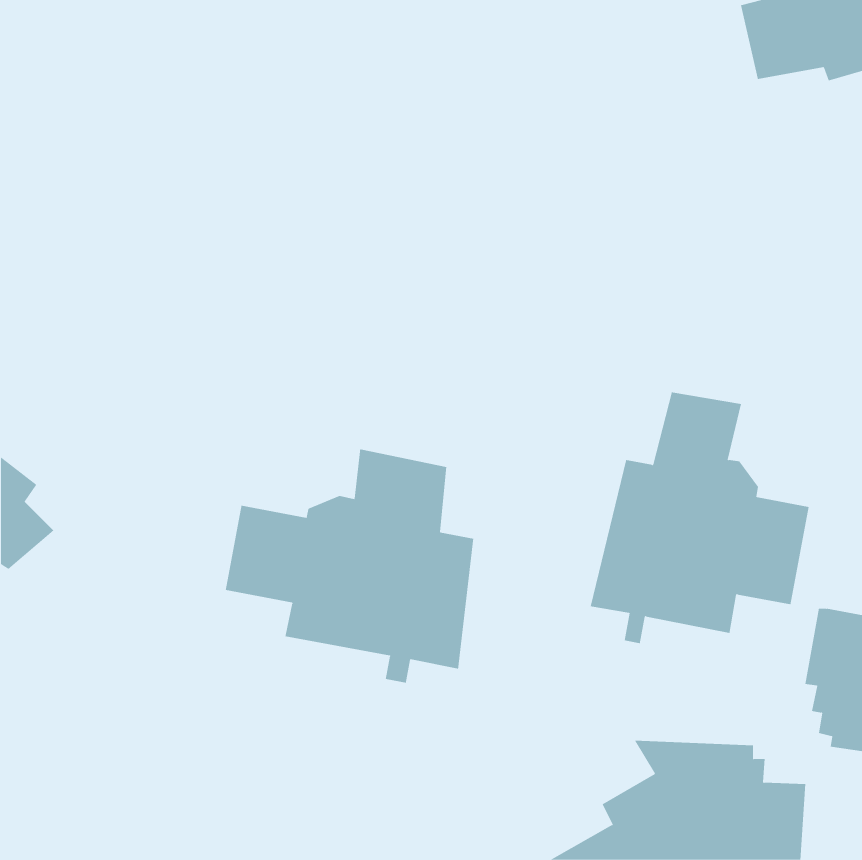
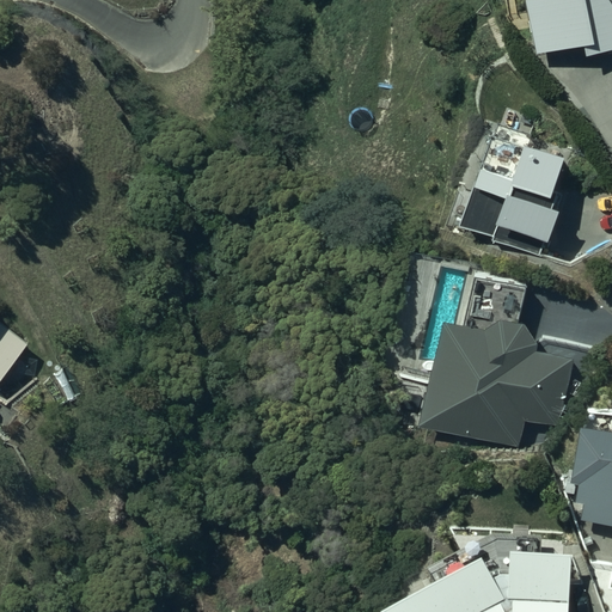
building: none -> [459,122,564,257]
building: [225,449,474,683] -> none

